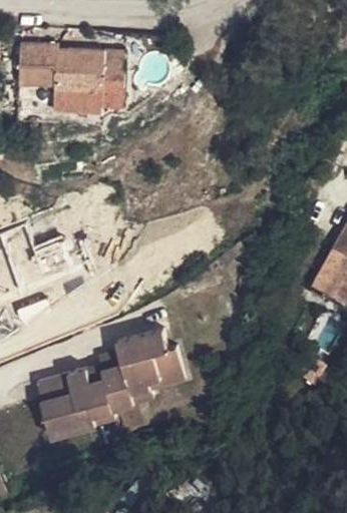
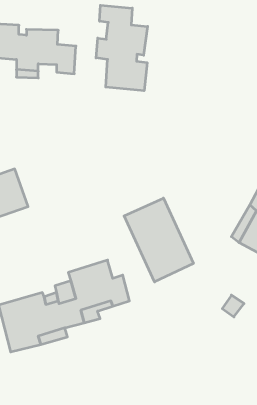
building: none -> [96,5,148,91]
building: none -> [124,198,193,282]

